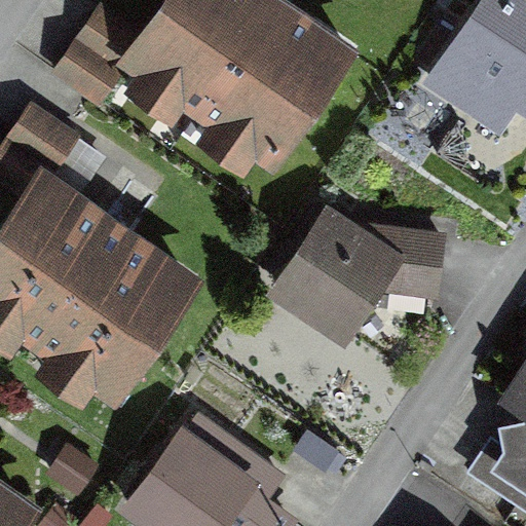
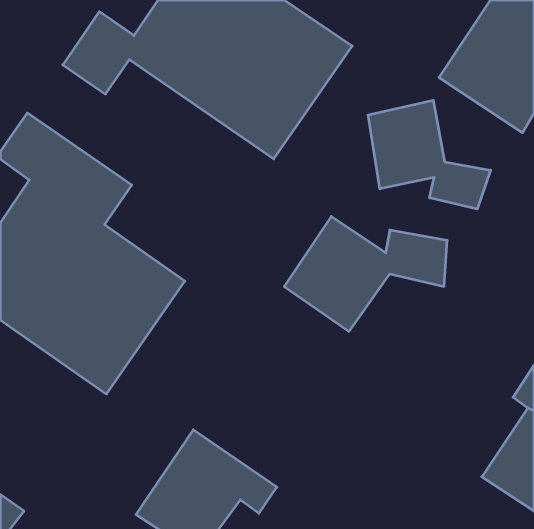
building: none -> [368,100,491,209]

